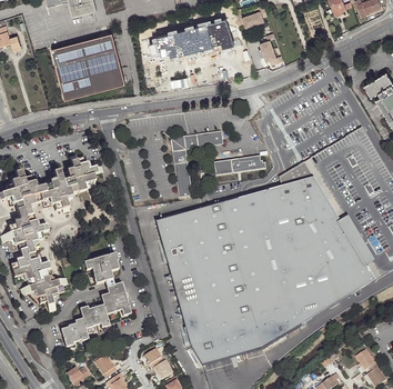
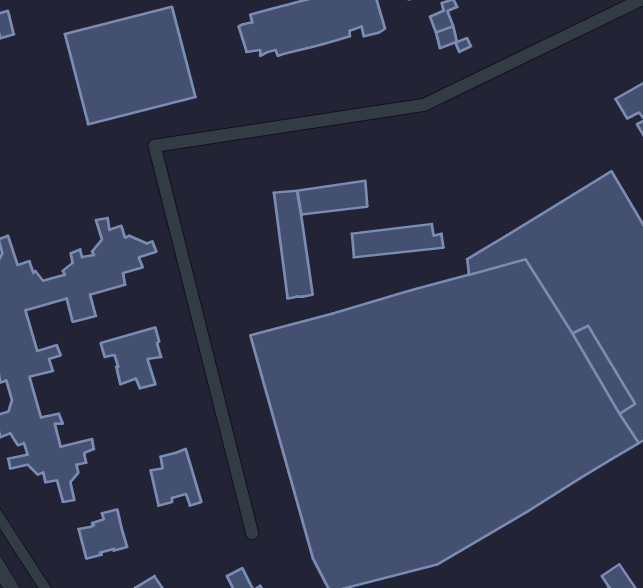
building: [83,255,118,289] -> [101,328,161,388]
building: [78,307,108,329] -> none

